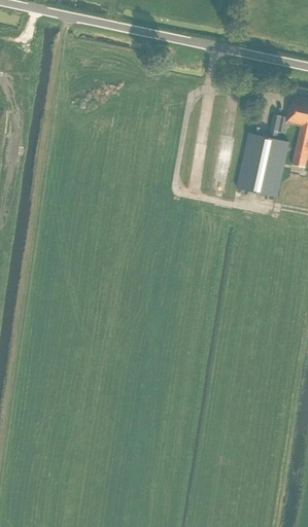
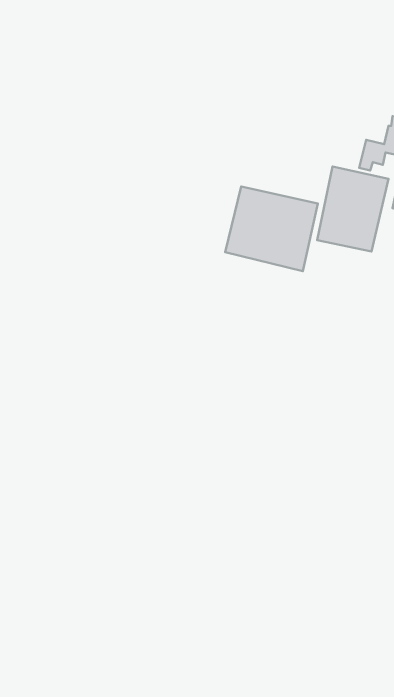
building: none -> [225,187,318,271]

